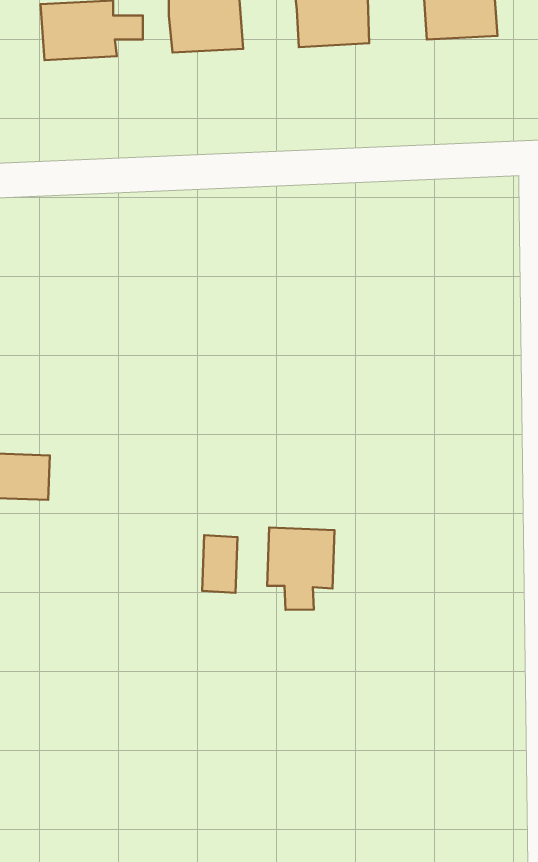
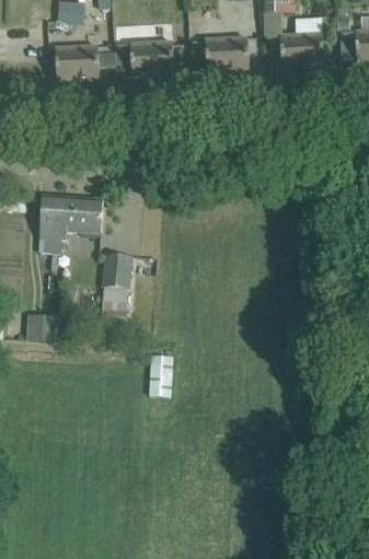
building: none -> [39,196,103,254]
building: none -> [101,253,132,310]
building: [267,527,334,610] -> none

